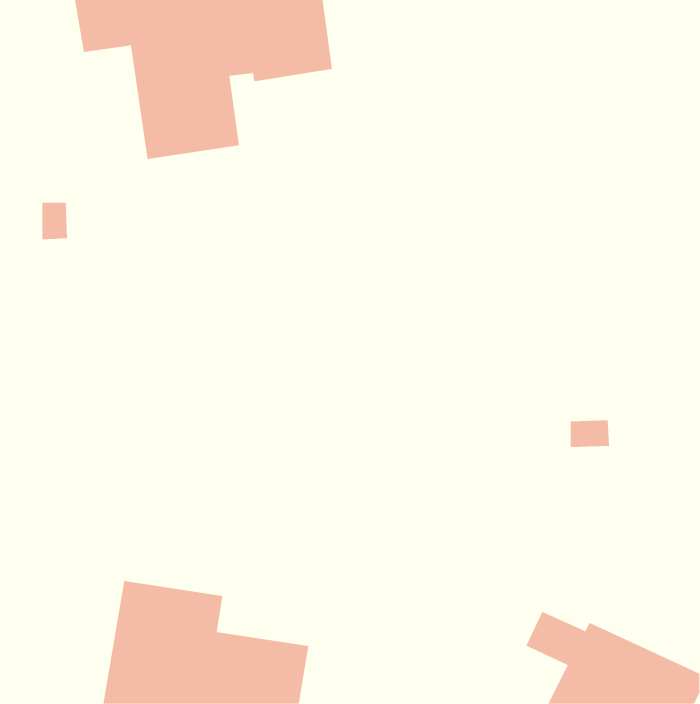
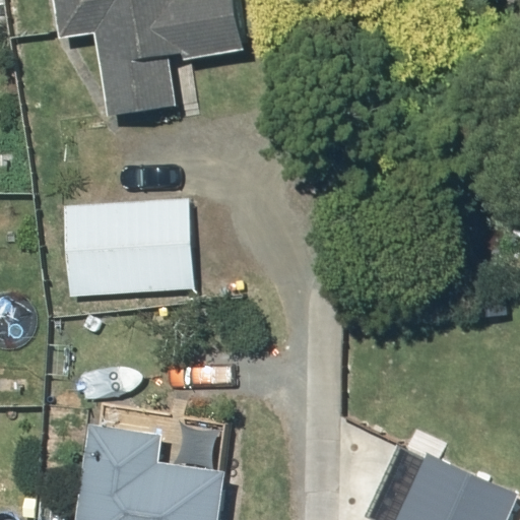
building: none -> [63,200,192,296]

